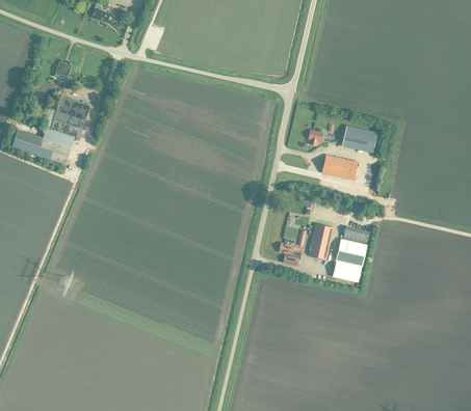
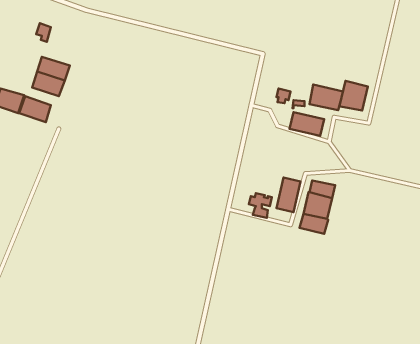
building: none -> [340,81,368,111]

